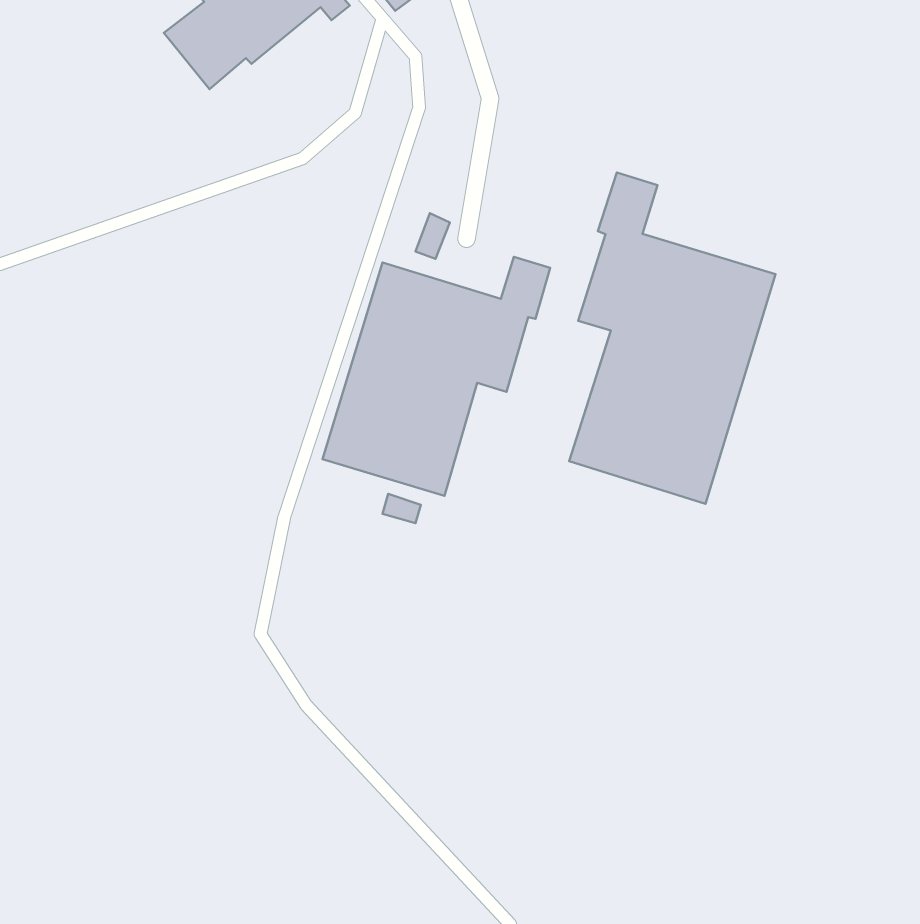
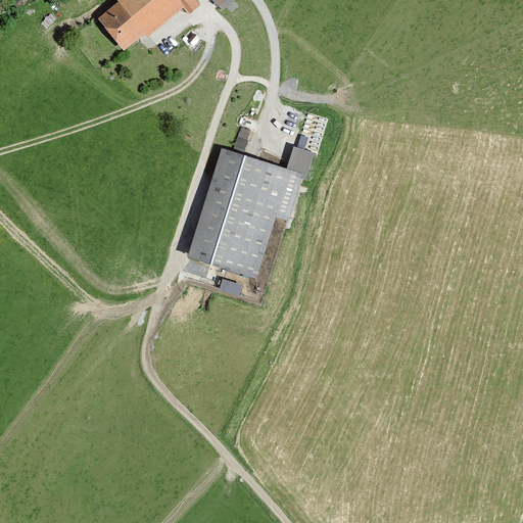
building: [569,172,775,504] -> none

